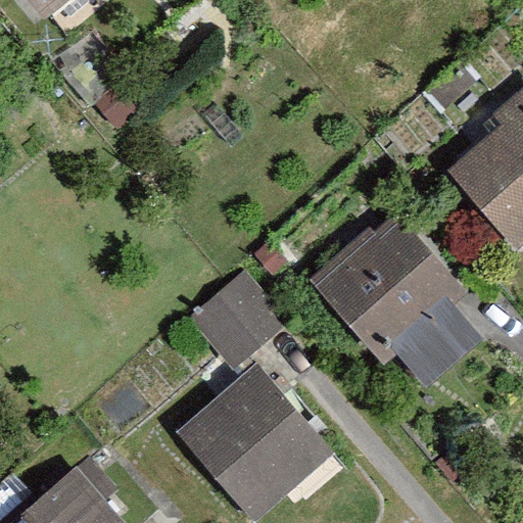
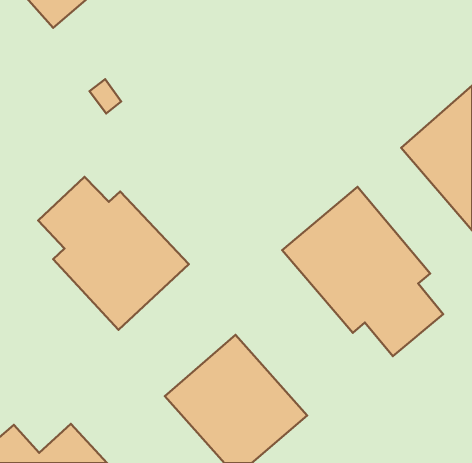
building: none -> [38,177,189,330]
building: [187,268,290,371] -> none

